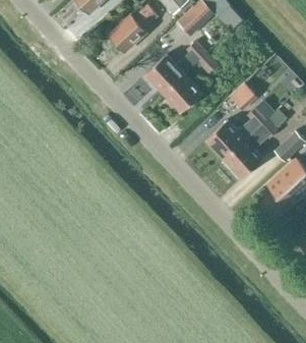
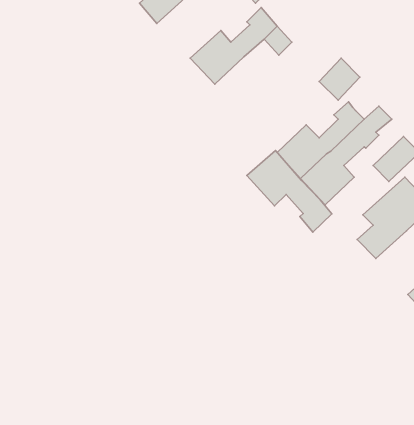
building: [163,75,200,113] -> none
building: none -> [247,150,332,232]

